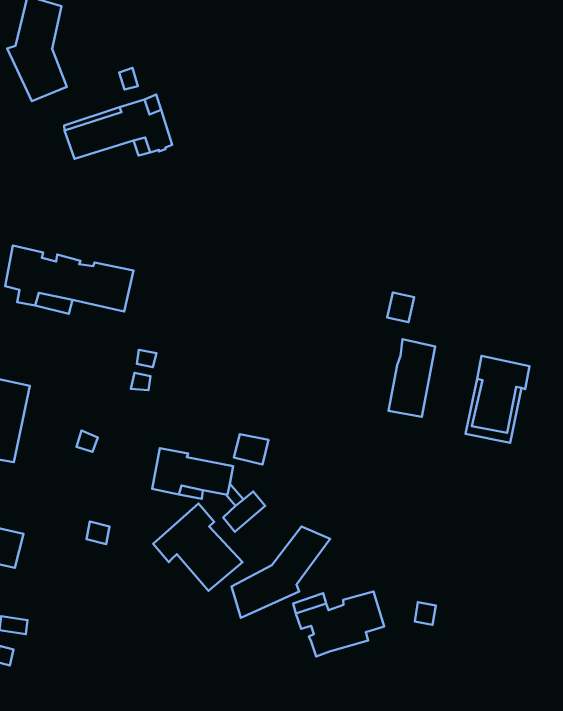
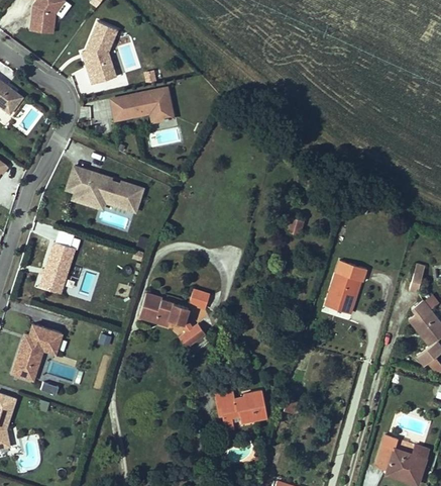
building: [388,339,435,417] -> none
building: [153,504,242,591] -> none
building: [232,527,330,618] -> none

